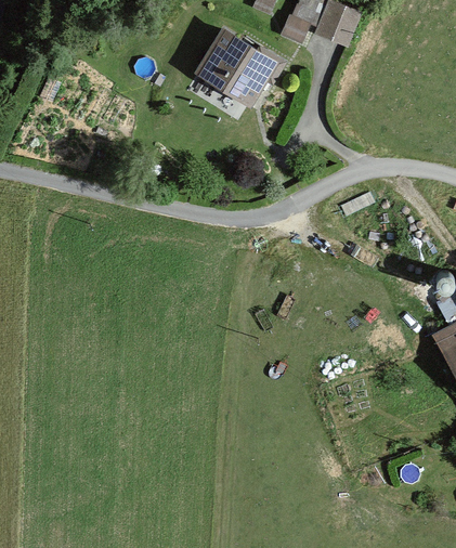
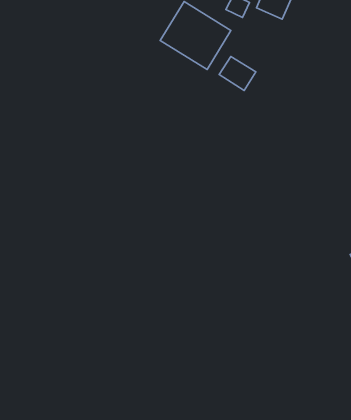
building: none -> [219,57,256,91]

